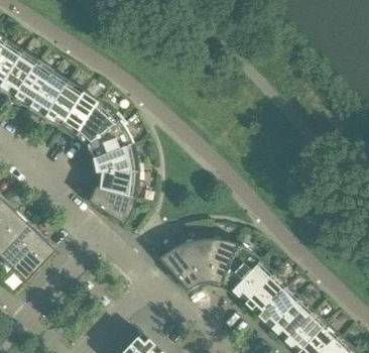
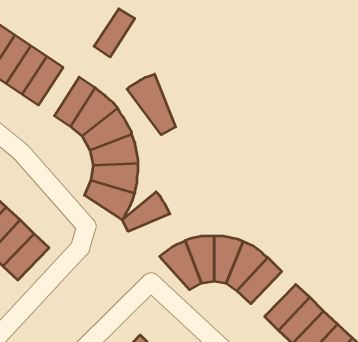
building: [44,80,83,125] -> [94,9,135,57]
building: none -> [127,74,176,135]
building: none -> [122,192,170,231]
building: [244,271,286,314] -> none

